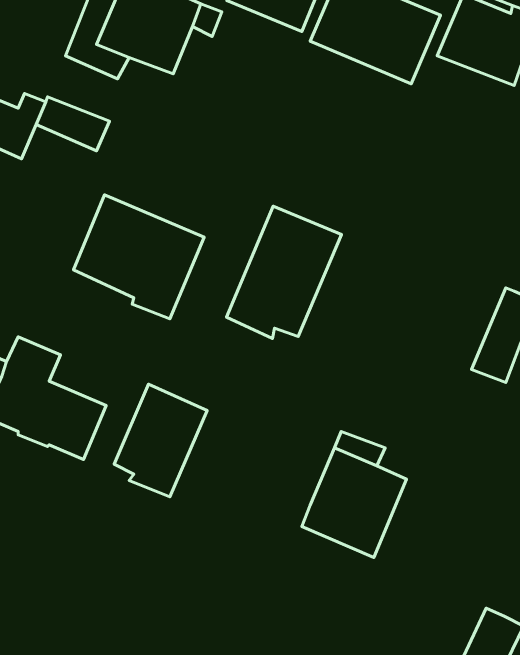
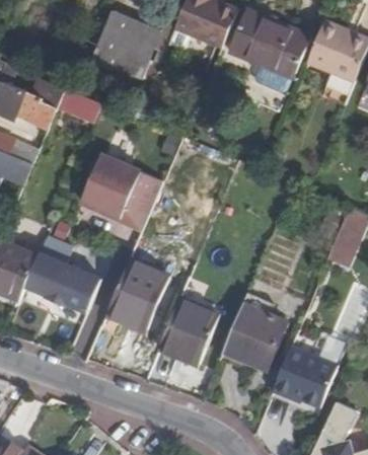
building: [226,206,342,338] -> none
building: none -> [158,299,227,370]
building: none -> [272,355,334,413]

